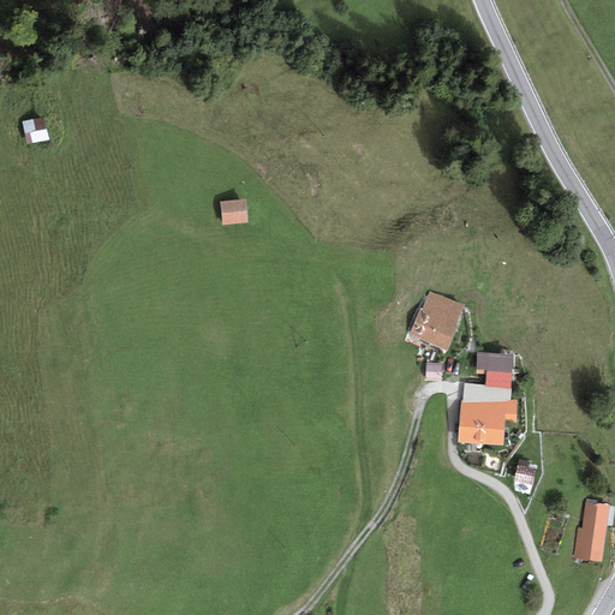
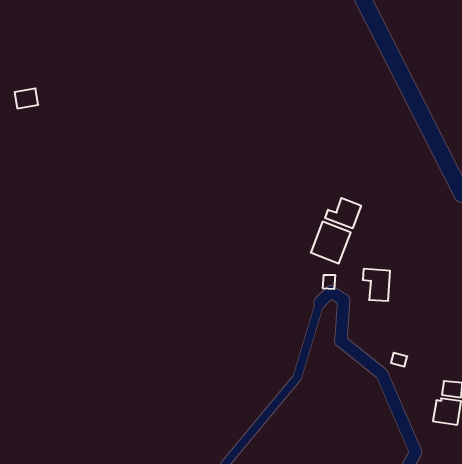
building: [217,201,249,227] -> none
building: none -> [325,198,361,228]
building: [460,400,518,438] -> none

